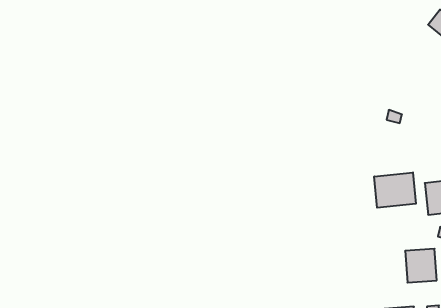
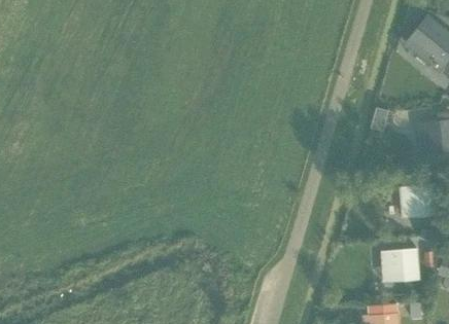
building: [374,172,416,208] -> none

